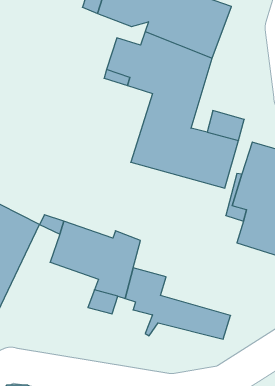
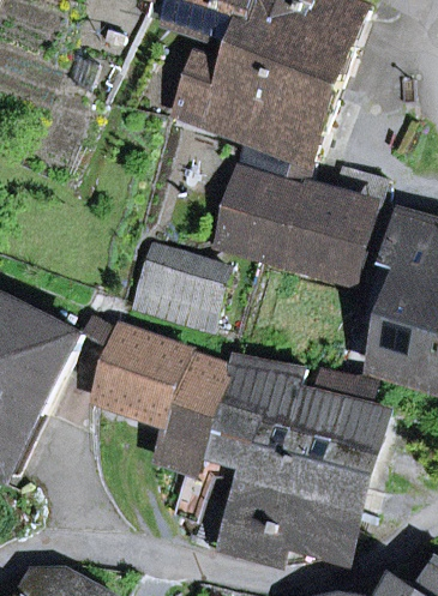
building: none -> [131,248,226,330]
building: none -> [218,361,380,472]
building: none -> [222,483,353,555]

